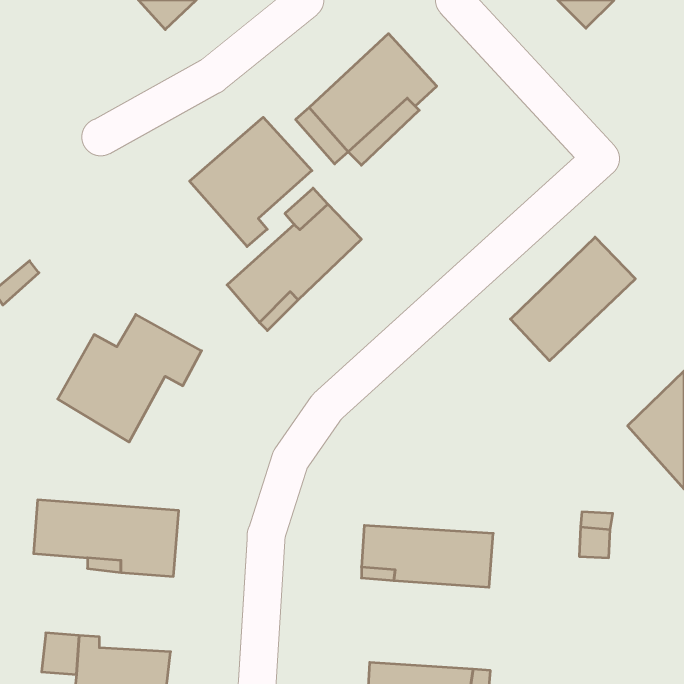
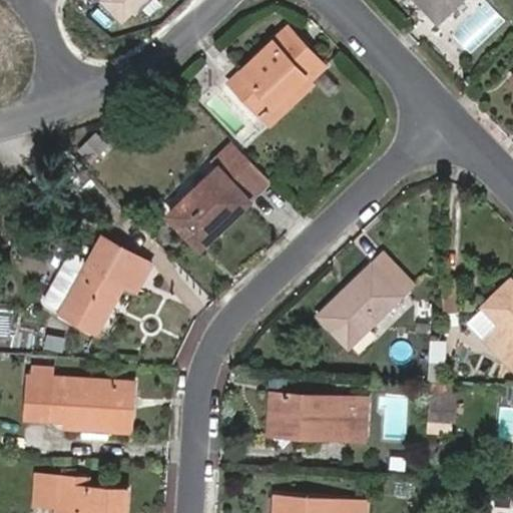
building: [190,117,312,247] -> none
building: [510,237,635,361] -> [320,253,413,346]

